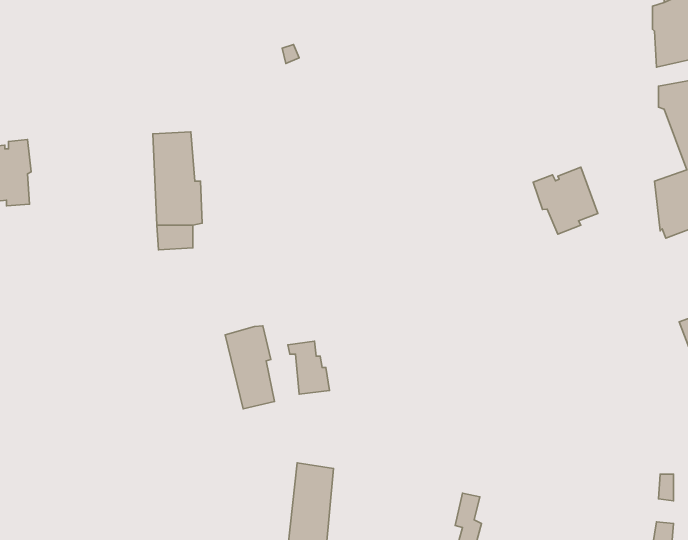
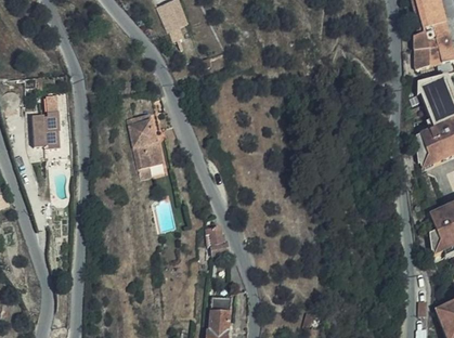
building: [533,167,598,234] -> none
building: [225,326,274,409] -> none

